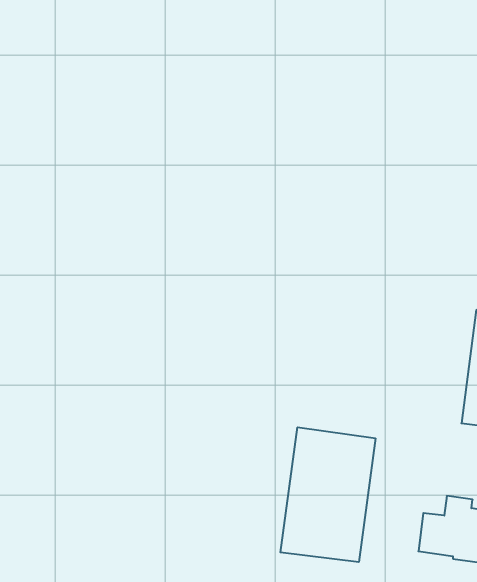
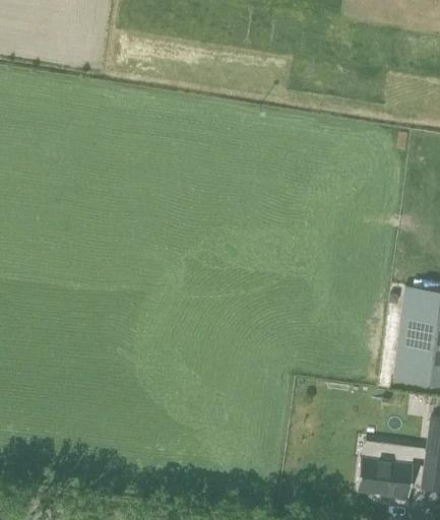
building: [280,427,375,562] -> none

